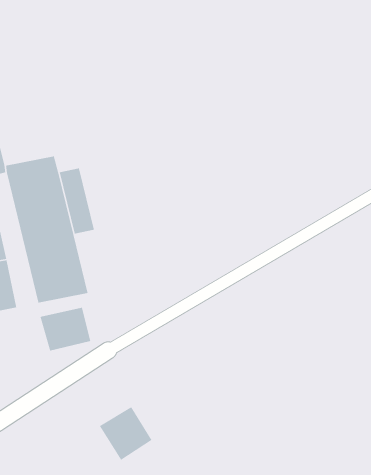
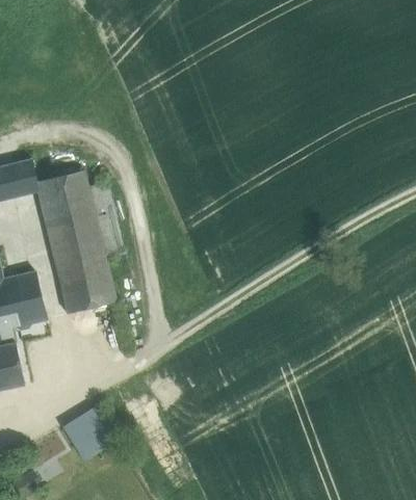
building: [40,307,91,352] -> none
building: [99,406,152,461] -> [61,410,112,462]

